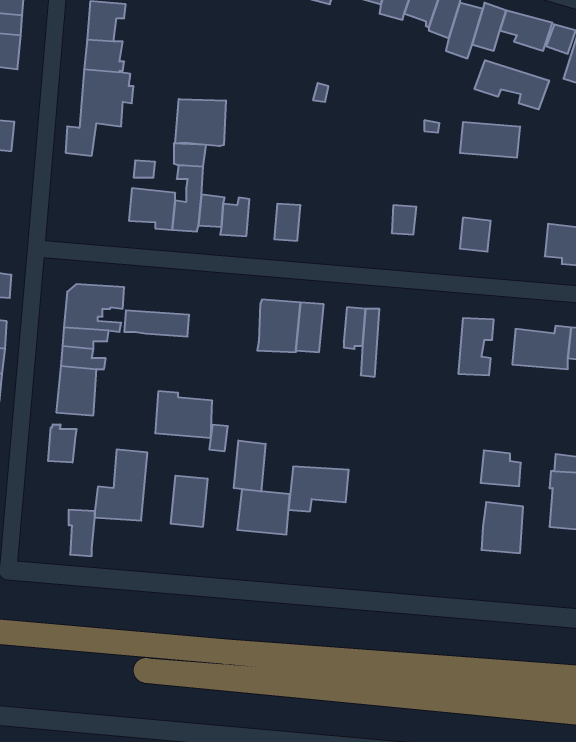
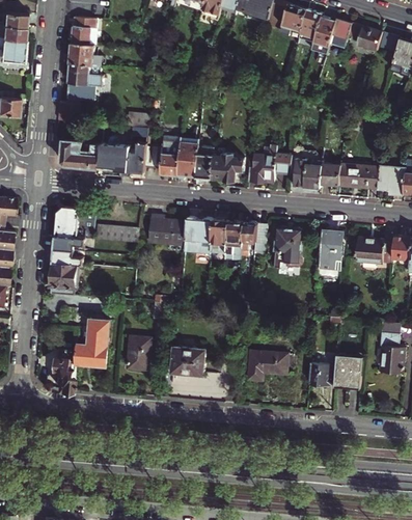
building: [475,60,549,109] -> none
building: [175,99,226,146] -> none
building: [460,122,520,158] -> [338,164,379,188]
building: none -> [60,129,100,168]
building: none -> [176,141,198,176]
building: none -> [246,145,276,182]
building: none -> [211,153,243,180]
building: none -> [294,158,322,187]
building: none -> [225,220,244,258]
building: none -> [274,224,302,268]
building: [155,391,212,438] -> [147,214,186,245]
building: [48,424,77,463] -> none
building: [234,440,266,492] -> none
building: [481,450,521,486] -> [308,361,335,385]
building: [288,467,349,511] -> [247,350,287,380]

